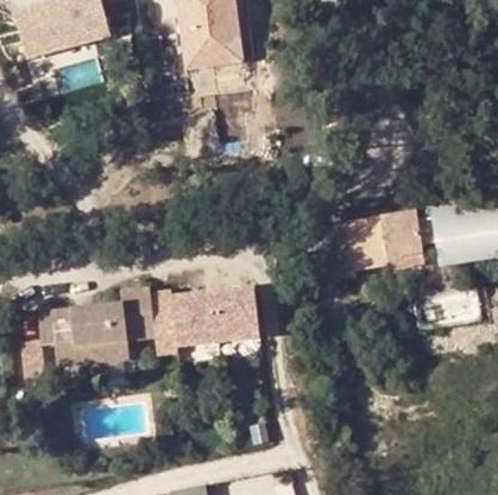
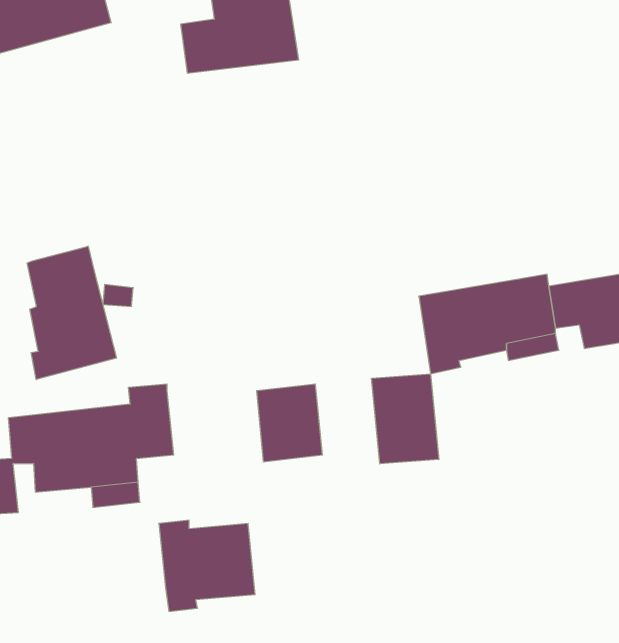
building: none -> [27,246,116,380]
building: none -> [372,374,439,464]
building: [150,290,218,354] -> [159,520,255,611]

